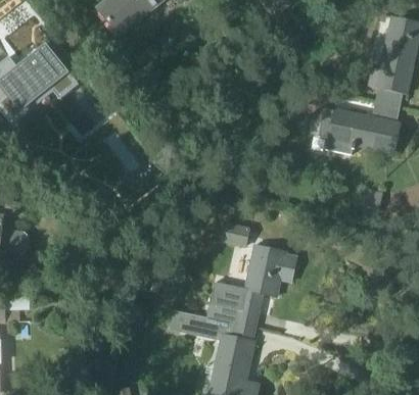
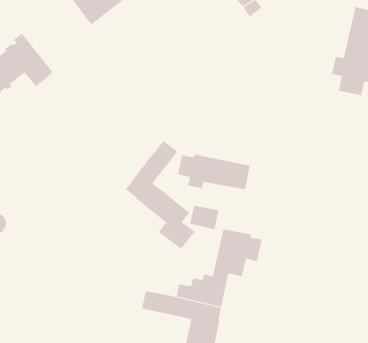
building: [319,103,401,154] -> none
building: none -> [125,140,195,250]
building: none -> [178,154,250,190]

